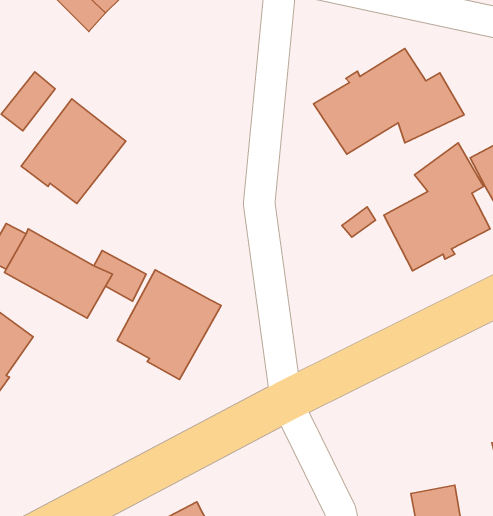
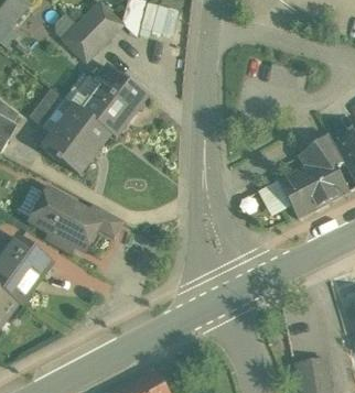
building: none -> [80,65,147,135]
building: [313,49,464,154] -> none
building: [117,270,221,380] -> none

